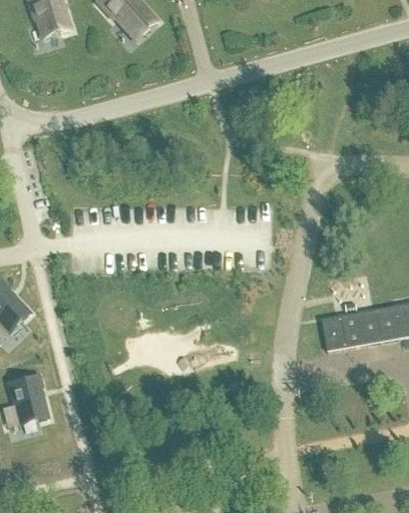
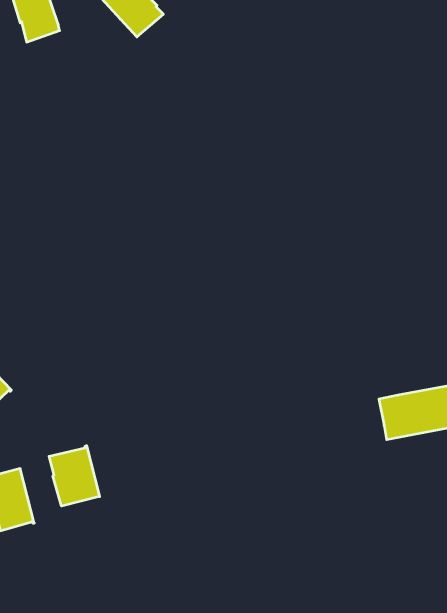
building: none -> [49,446,100,506]

